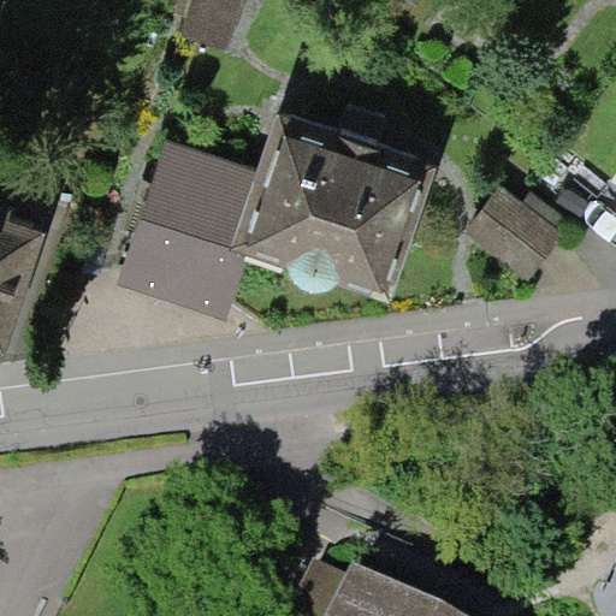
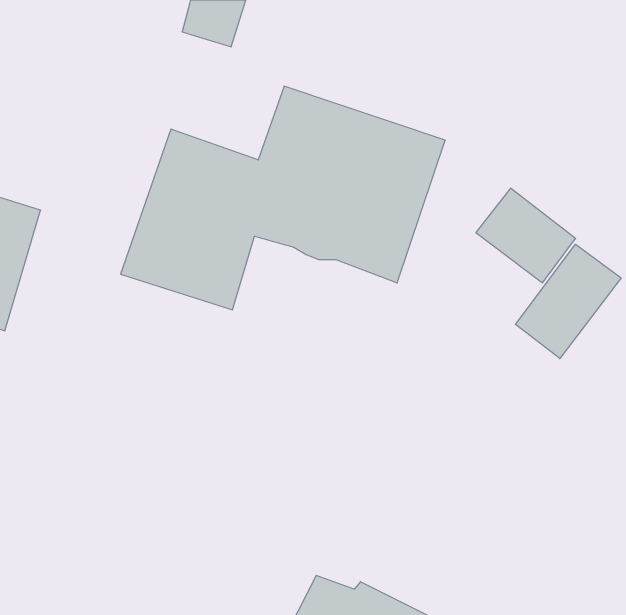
building: none -> [515,244,621,359]

